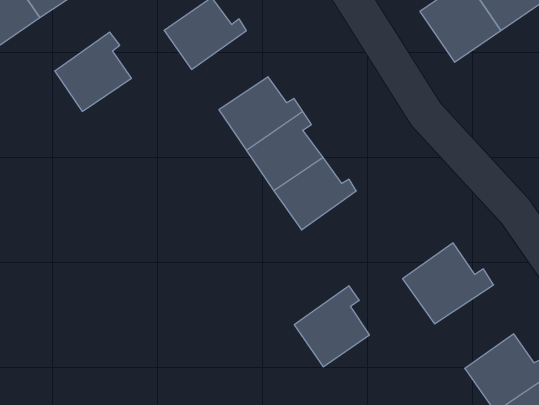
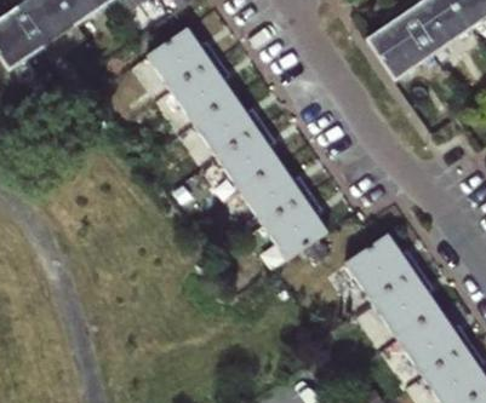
building: [55,32,131,111] -> [172,56,236,122]
building: none -> [376,269,442,339]
building: [294,286,369,367] -> [264,190,327,258]

